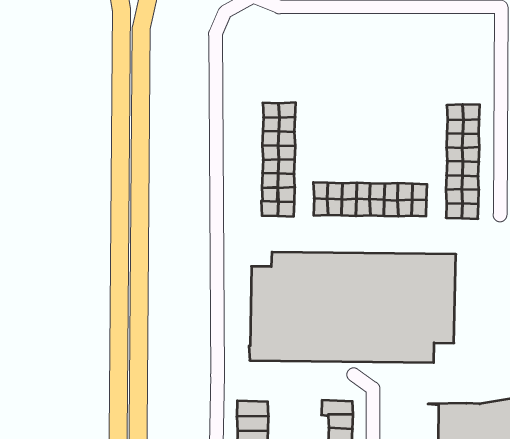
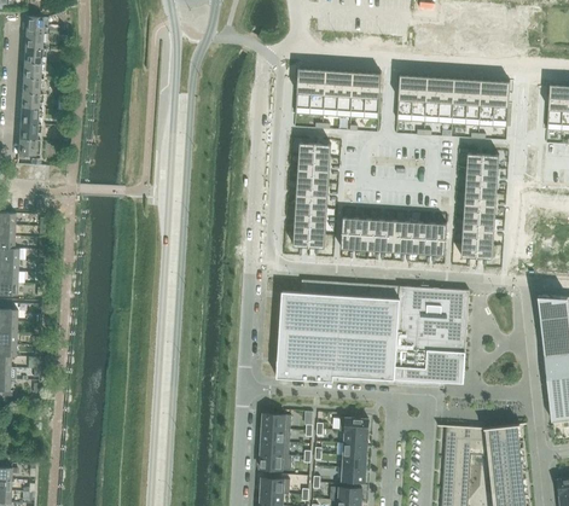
building: none -> [296,80,381,120]
building: none -> [397,86,510,127]

